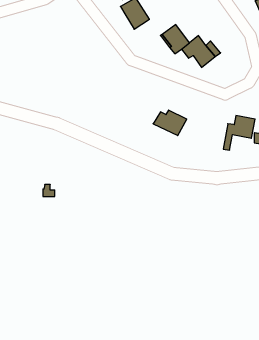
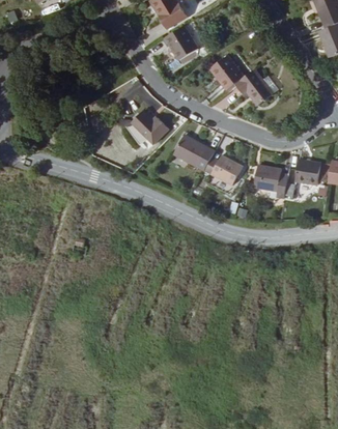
building: none -> [131,111,167,144]
building: none -> [173,135,215,170]
building: none -> [253,167,287,199]

